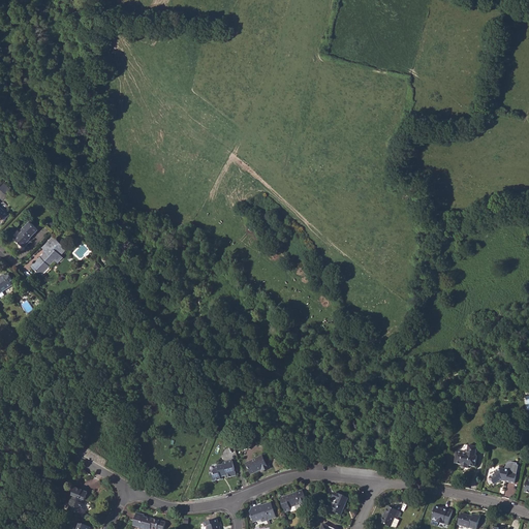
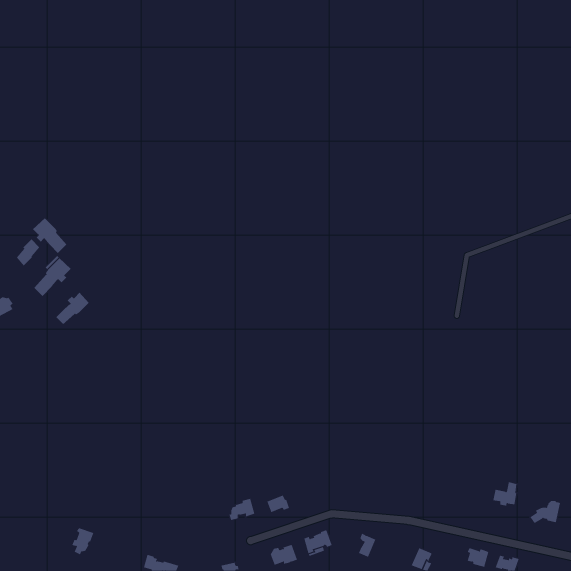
building: none -> [32,218,67,254]
building: none -> [55,292,89,325]

